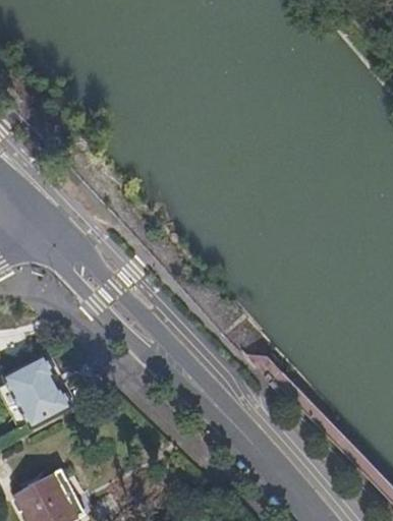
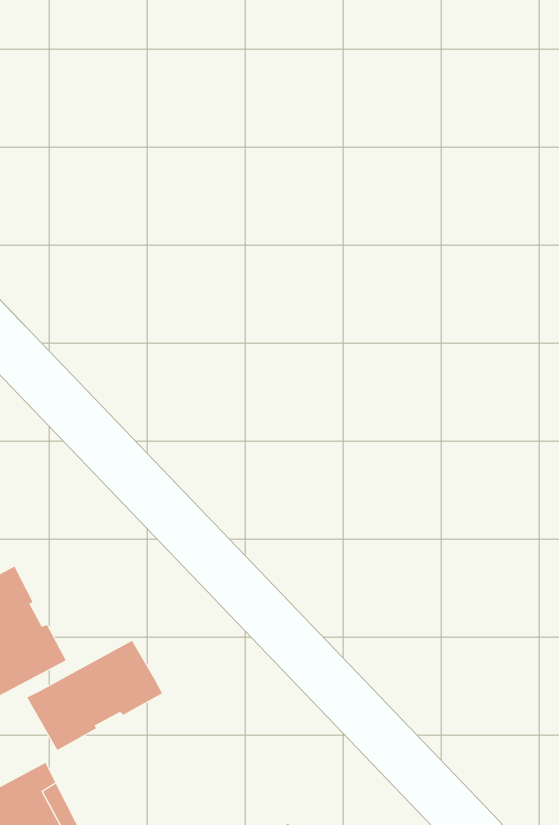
building: none -> [27,640,163,751]

